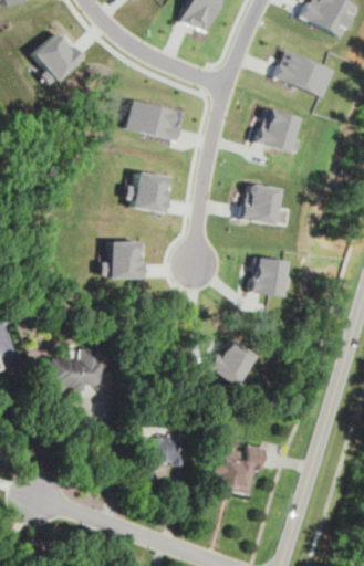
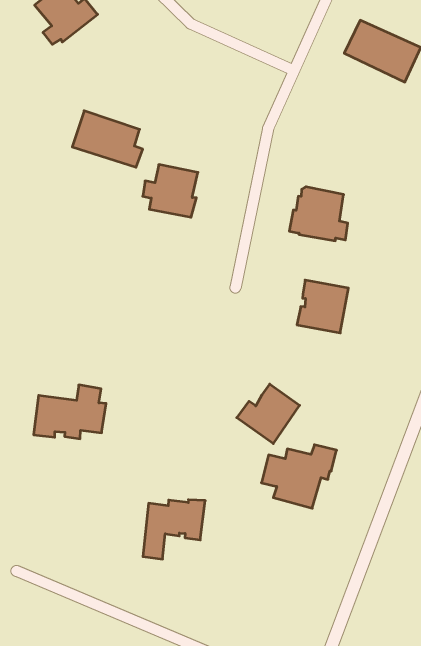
building: [125,99,180,142] -> [72,111,143,167]
building: [257,109,302,151] -> none
building: [100,241,142,277] -> none
building: [210,444,268,494] -> [261,445,337,508]

